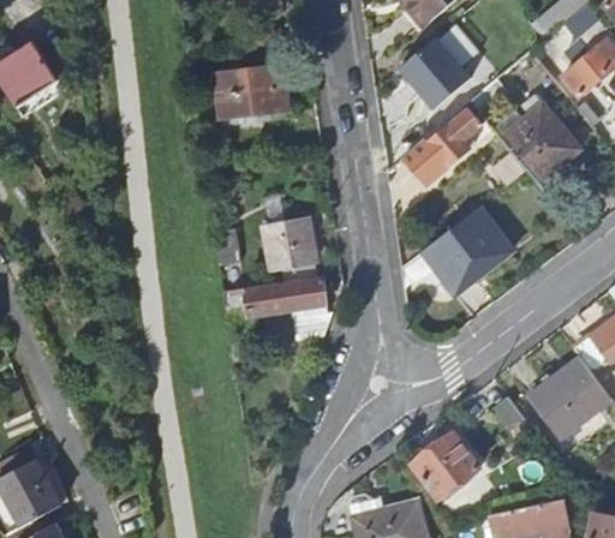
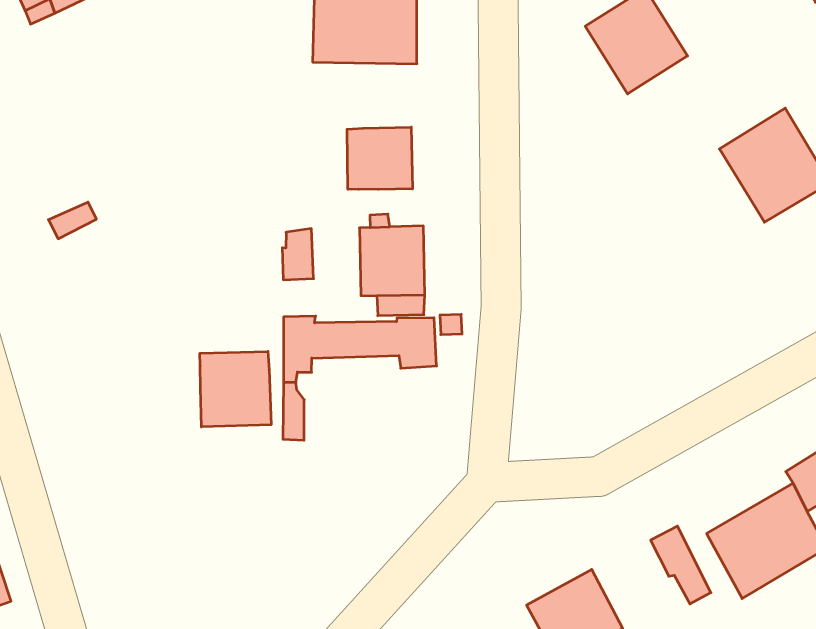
building: [404,109,480,185] -> none
building: none -> [347,127,412,189]
building: [419,208,509,289] -> none
building: none -> [200,351,271,427]

